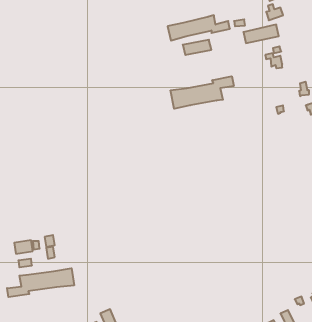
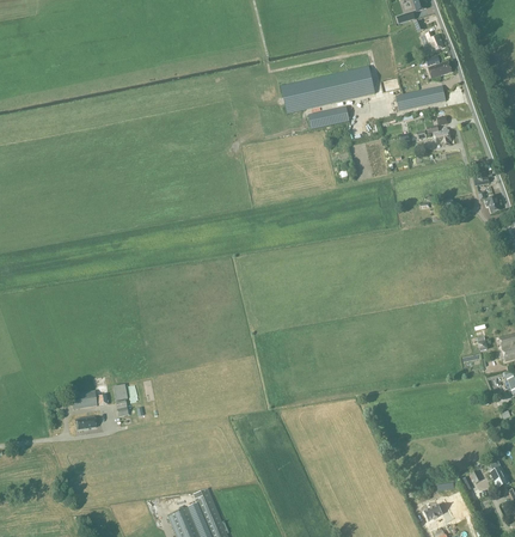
building: [171,76,234,109] -> none
building: [7,268,74,297] -> none

